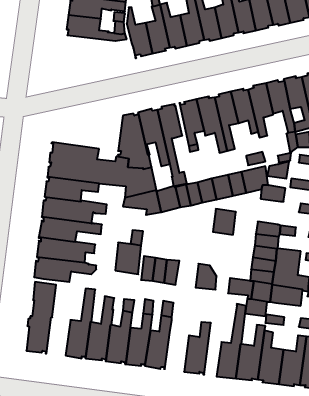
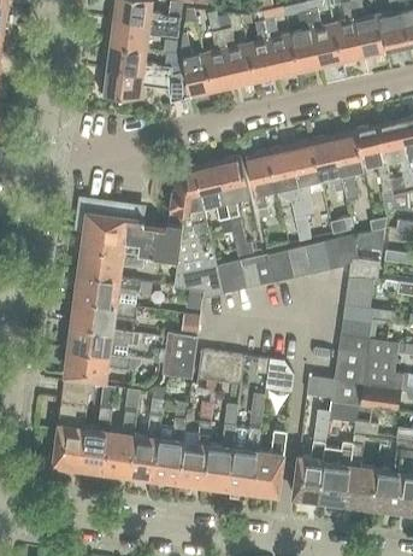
building: none -> [100,70,185,103]
building: [213,209,236,235] -> [344,276,373,309]
building: none -> [78,386,116,474]
building: none -> [228,394,265,494]

